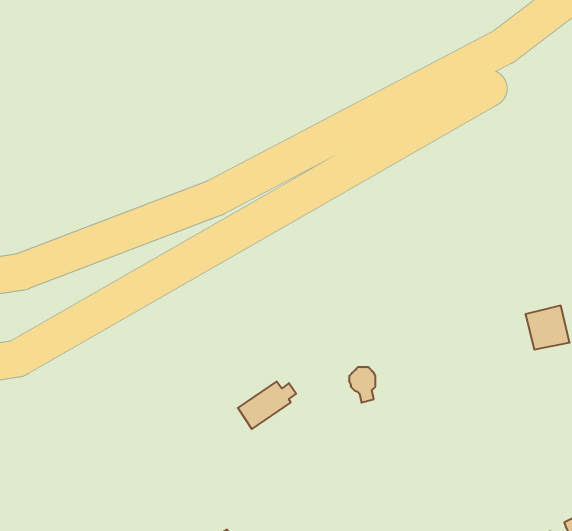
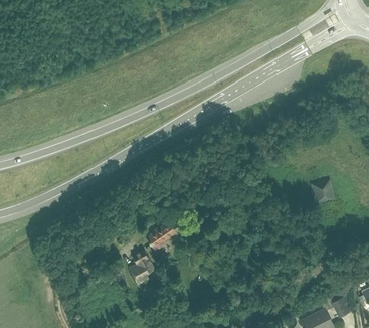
building: none -> [129,252,153,284]

